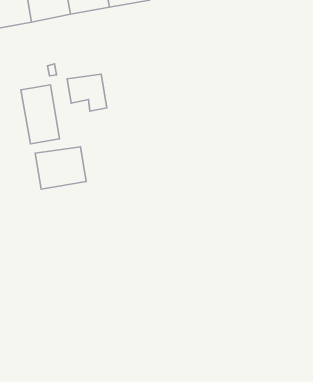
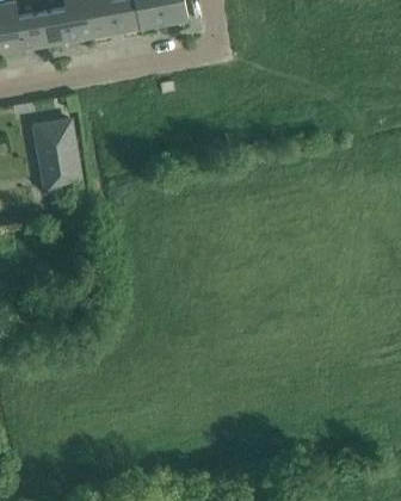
building: [67,74,107,111] -> none
building: [35,147,86,189] -> none

